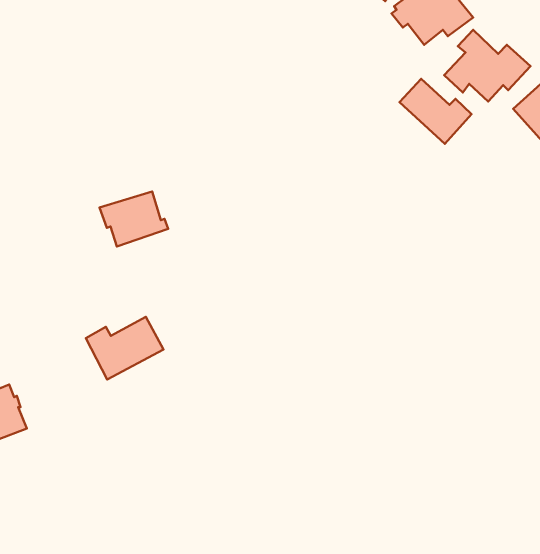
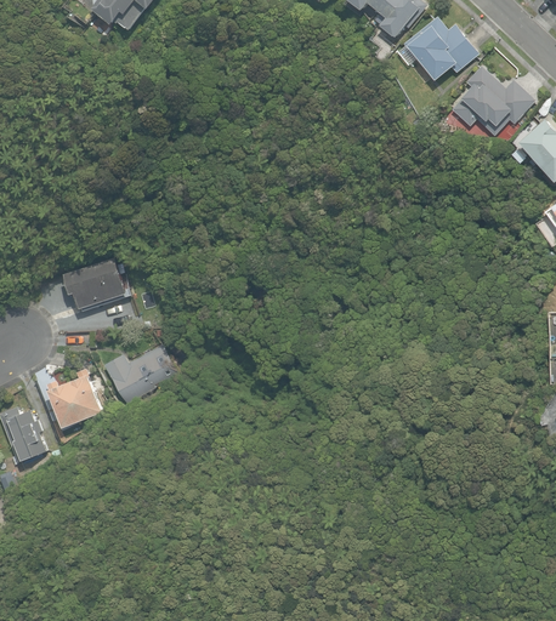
building: [400,79,472,144] -> none
building: [99,191,168,246] -> [63,257,130,310]
building: none -> [45,366,102,427]

